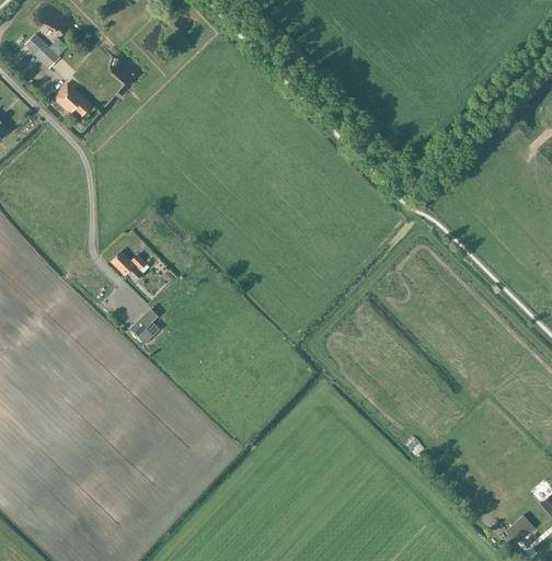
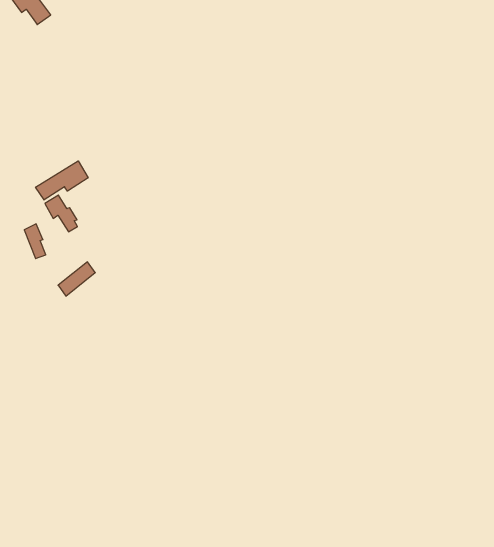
building: none -> [36,161,88,200]

